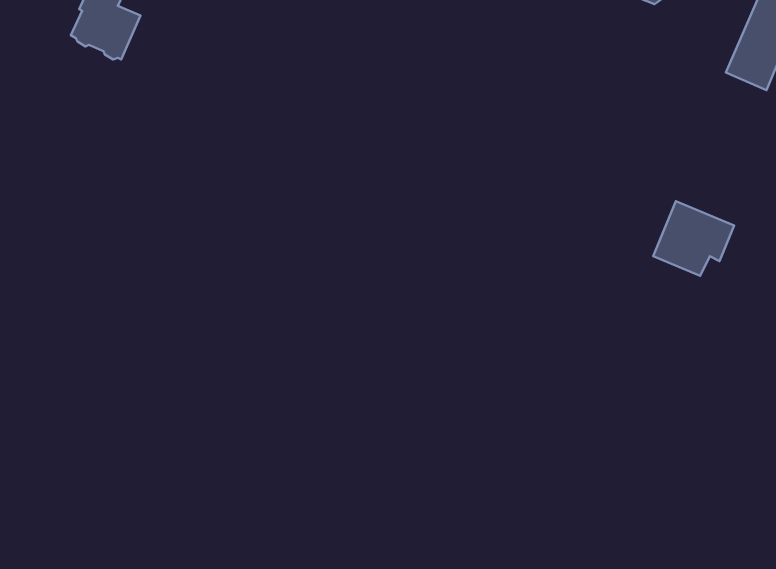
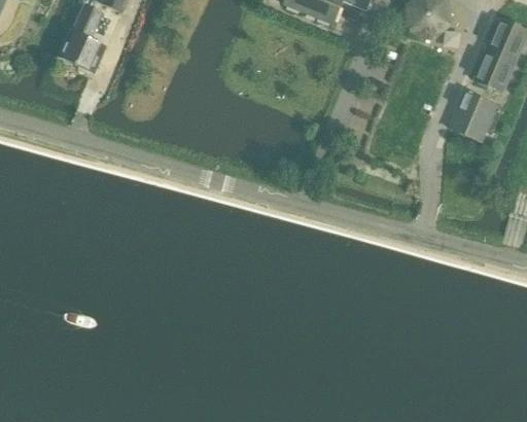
building: [653,201,734,276] -> [450,92,501,139]

